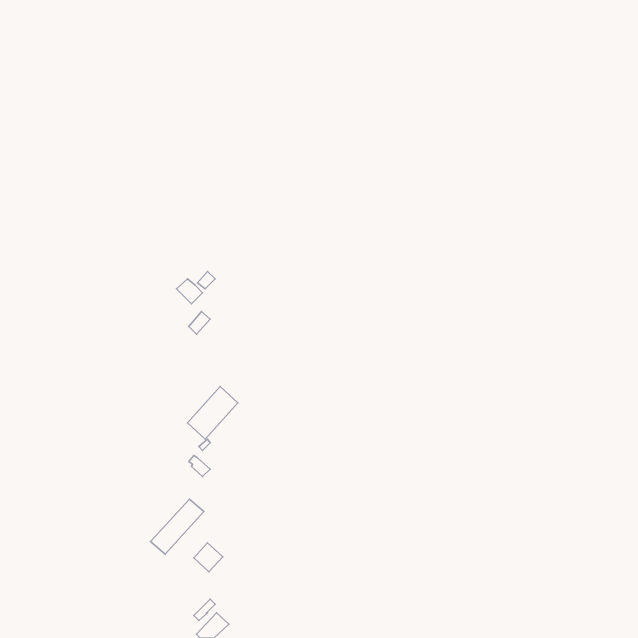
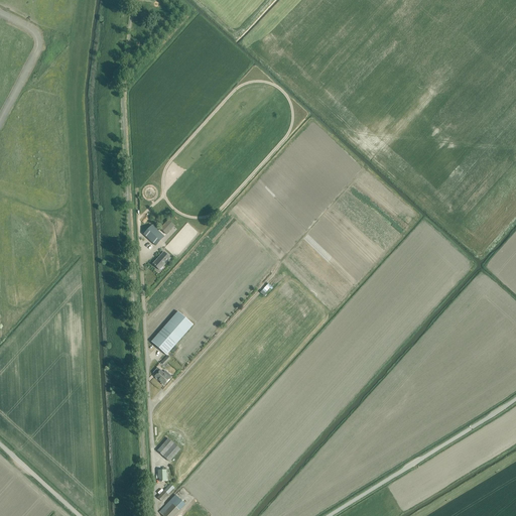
building: [151,499,204,554] -> none

